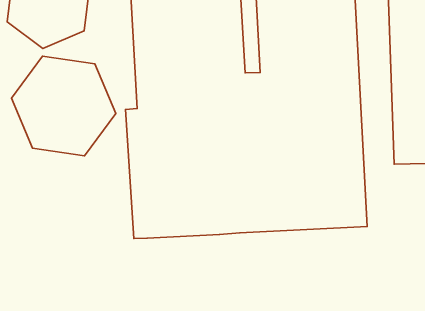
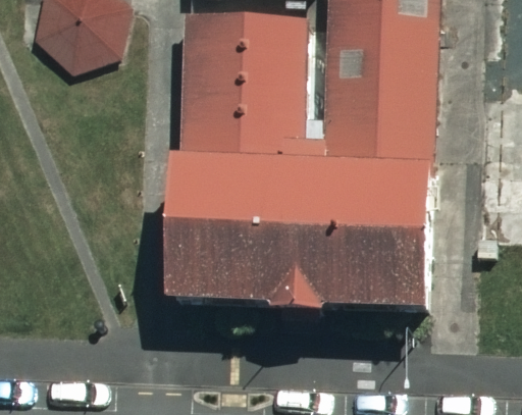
building: [11,56,116,156] -> none

